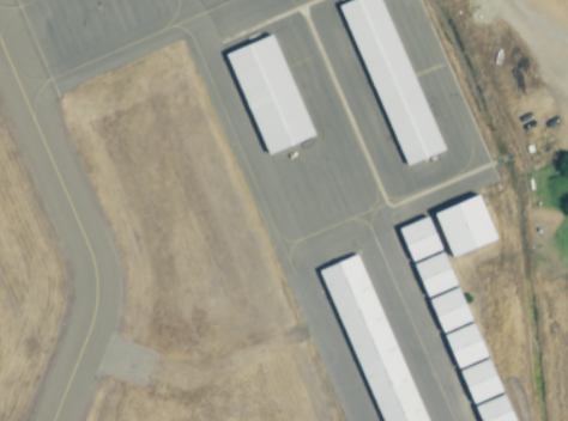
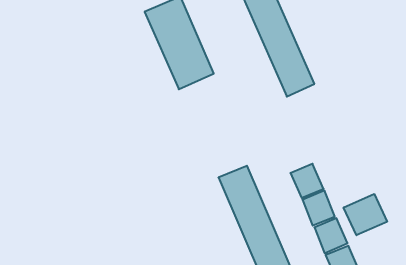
building: [434,194,496,257] -> none
building: [399,216,442,262] -> none
building: none -> [344,194,387,235]

